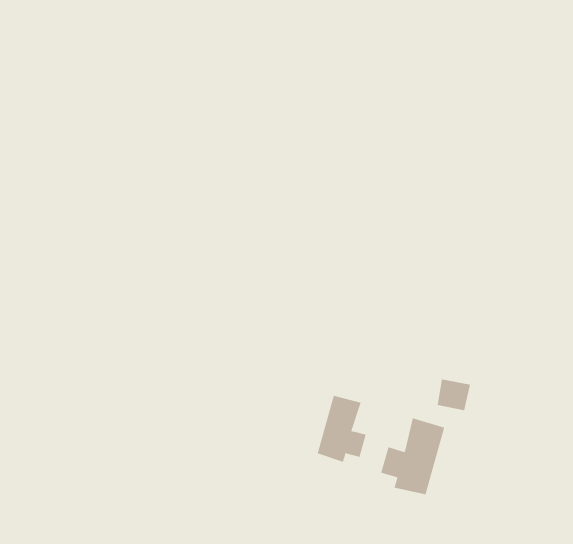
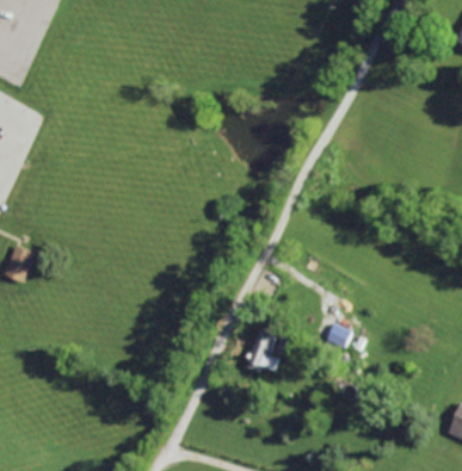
building: [381,418,445,495] -> none

